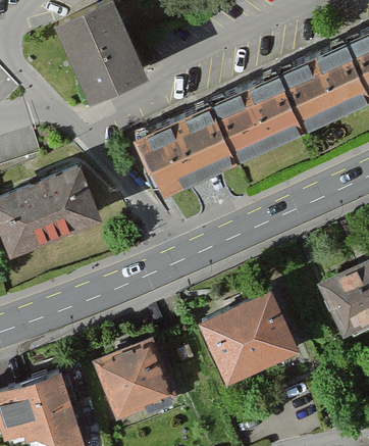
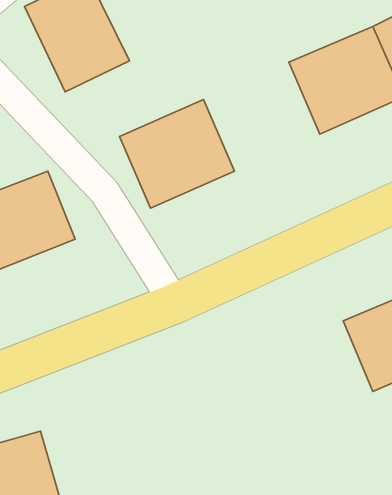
building: [202,72,298,162] -> none
building: [198,291,298,389] -> none
building: [103,344,174,418] -> none

